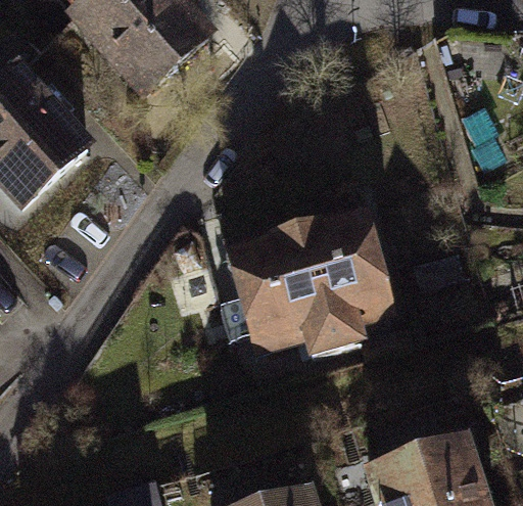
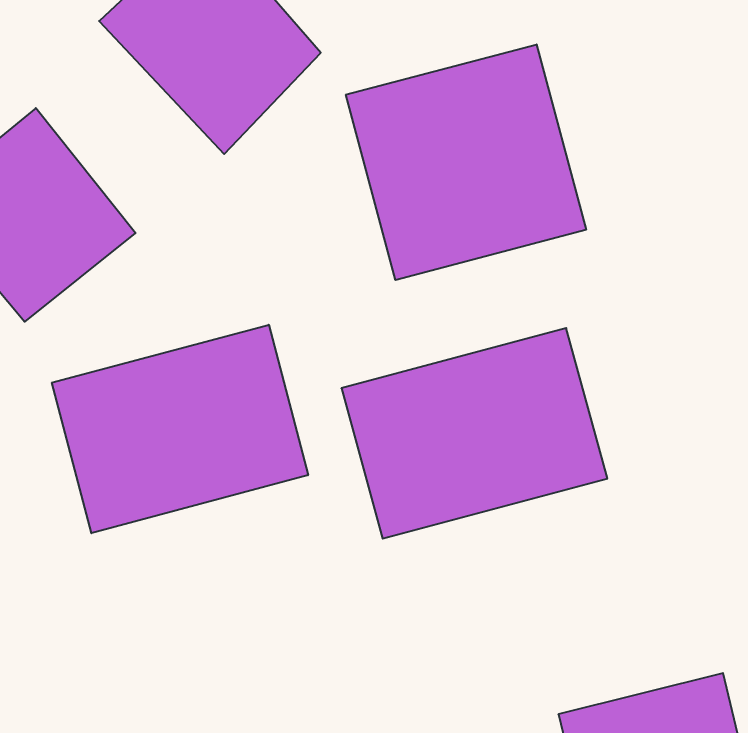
building: none -> [346,44,586,280]
building: none -> [52,325,308,533]

